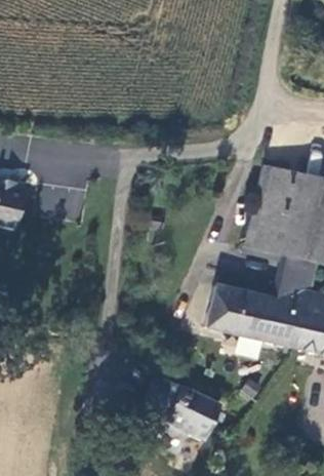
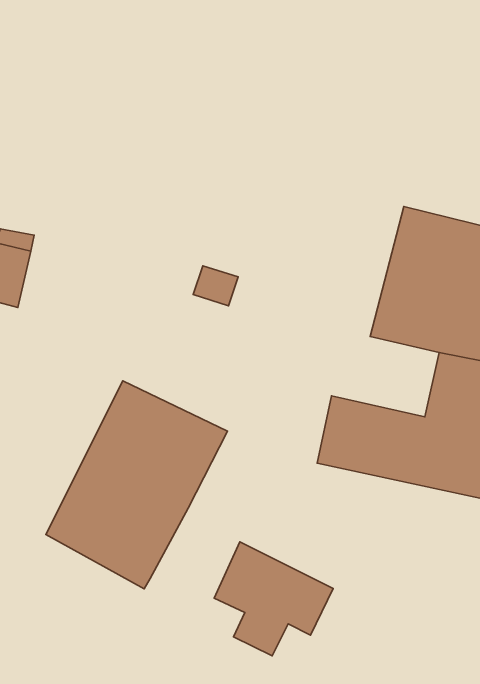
building: none -> [46,381,228,589]

